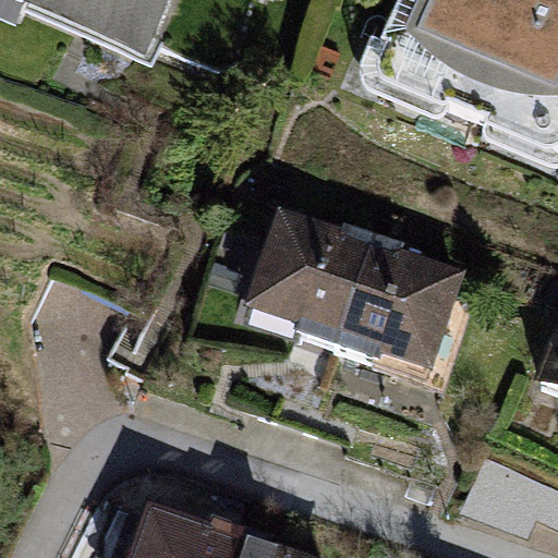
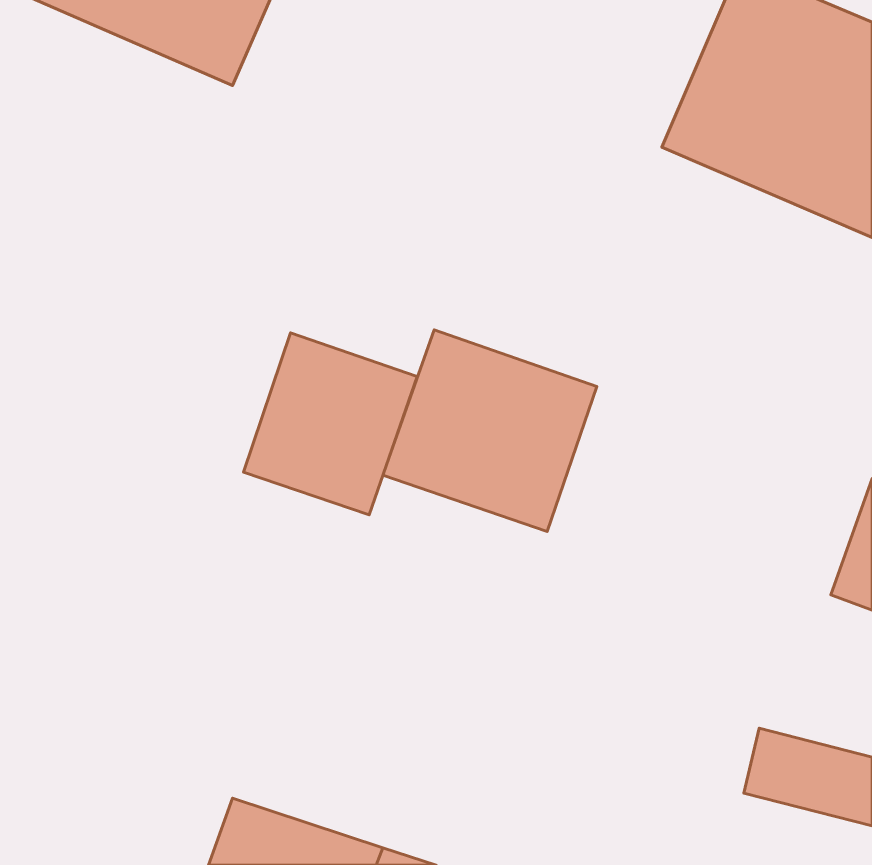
building: none -> [243,333,417,515]
building: [349,246,475,372] -> none

